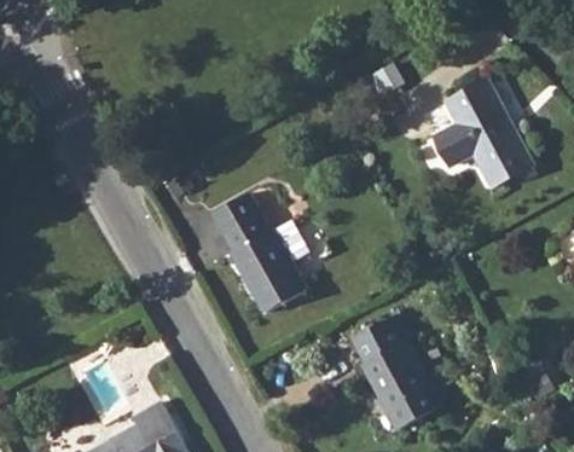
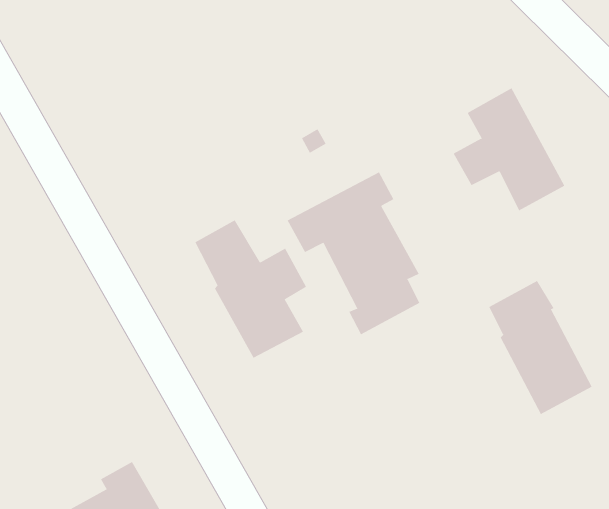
building: none -> [287,171,420,335]
building: [352,314,441,430] -> [488,280,592,415]

